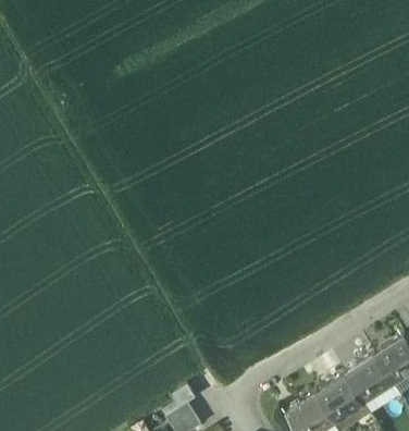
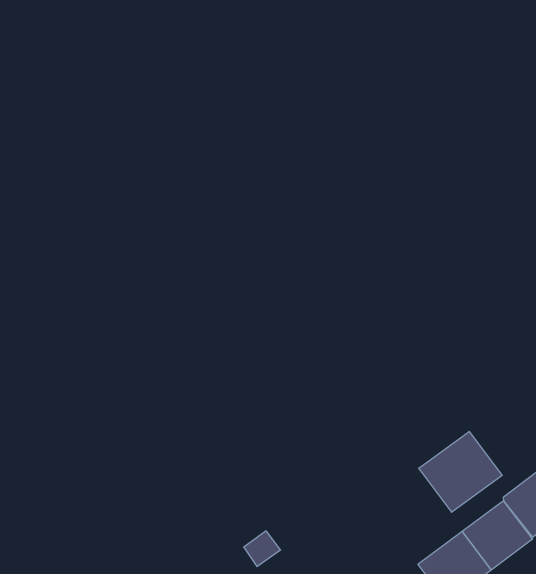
building: none -> [419,431,502,512]

